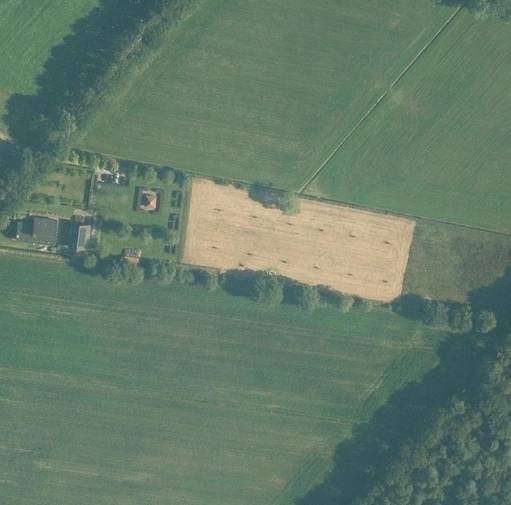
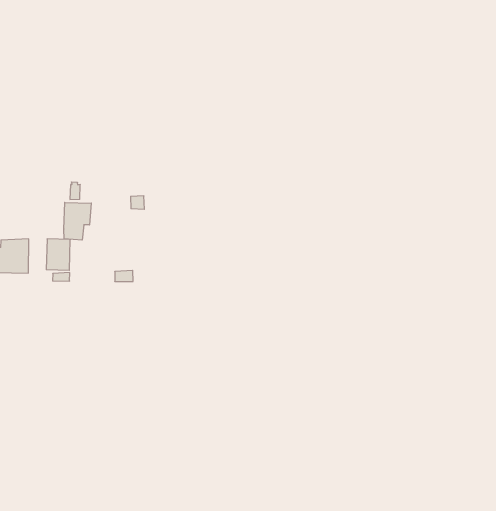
building: none -> [64,202,91,240]

